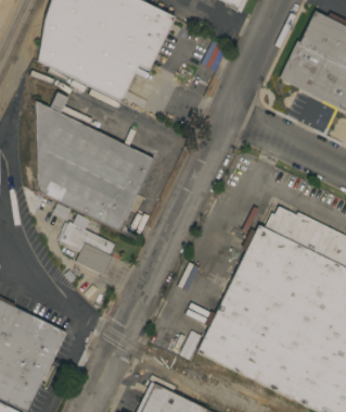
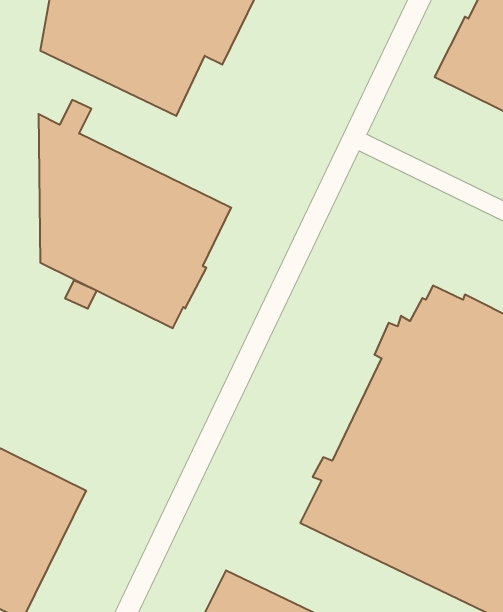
building: [59,221,115,275] -> none

